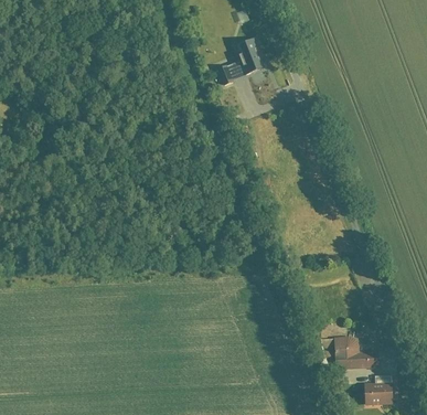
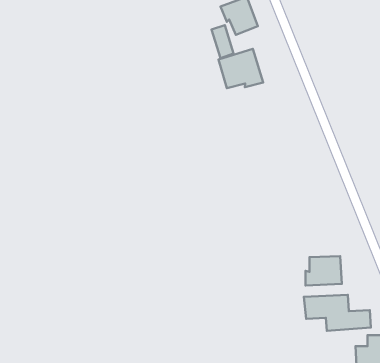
building: none -> [218,49,263,88]
building: none -> [305,256,342,286]

